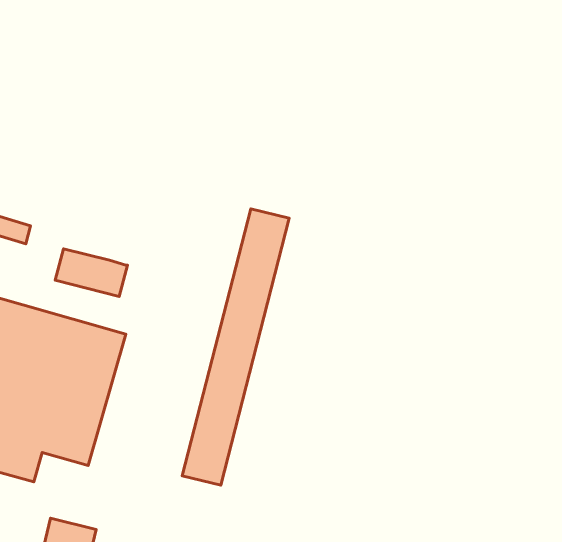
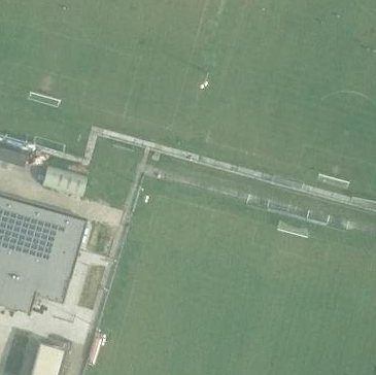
building: [182,209,289,485] -> none

